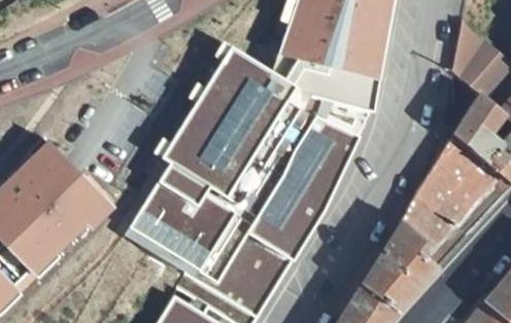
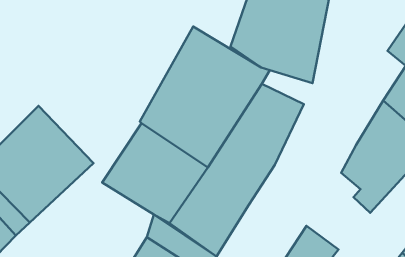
building: [363,220,438,311] -> none

